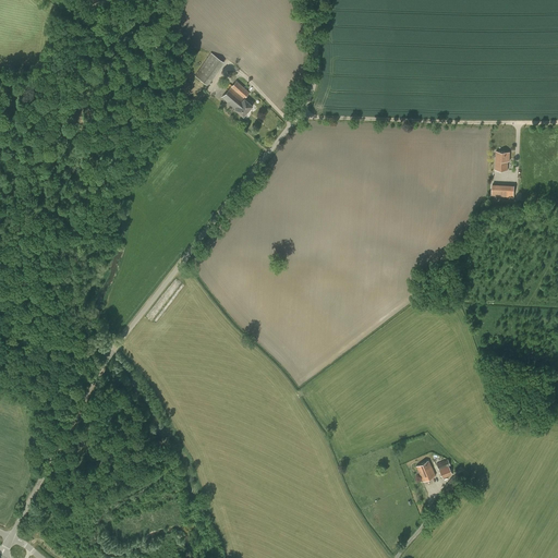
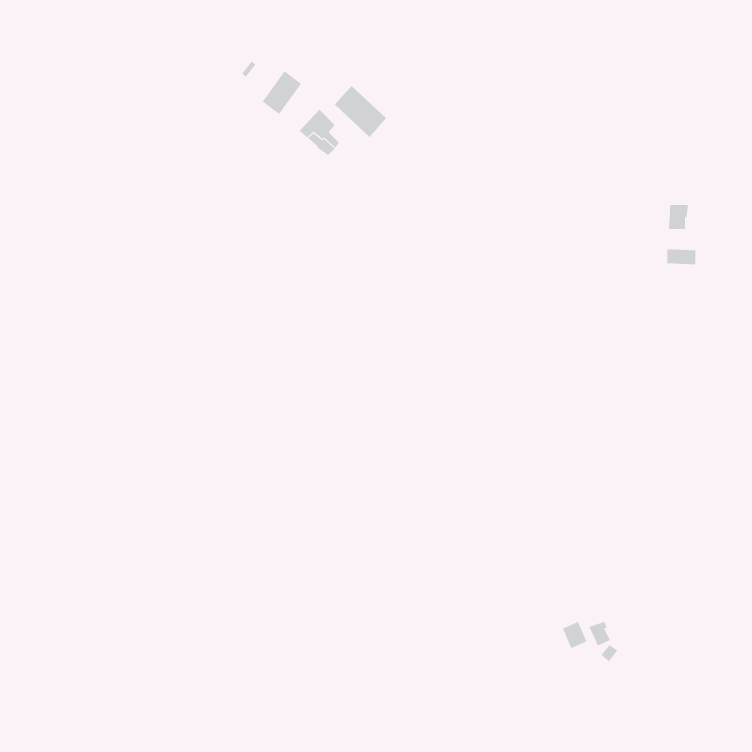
building: none -> [334,85,387,138]

